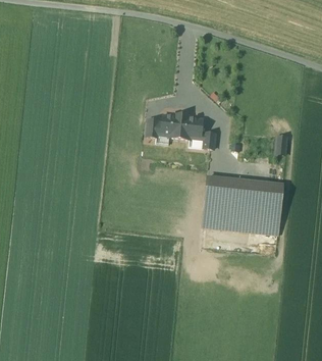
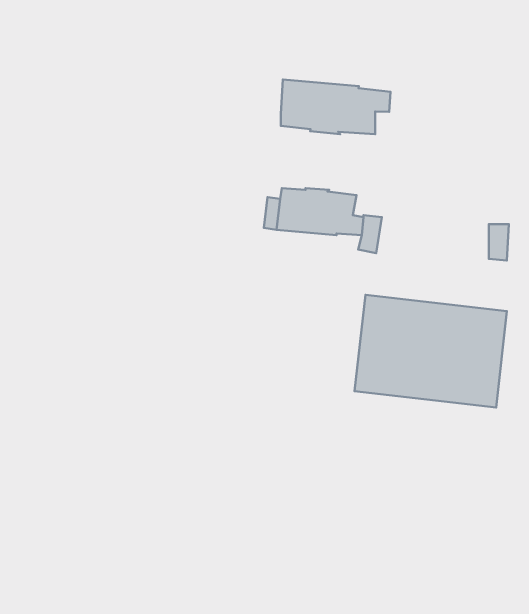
building: none -> [281,79,391,134]

